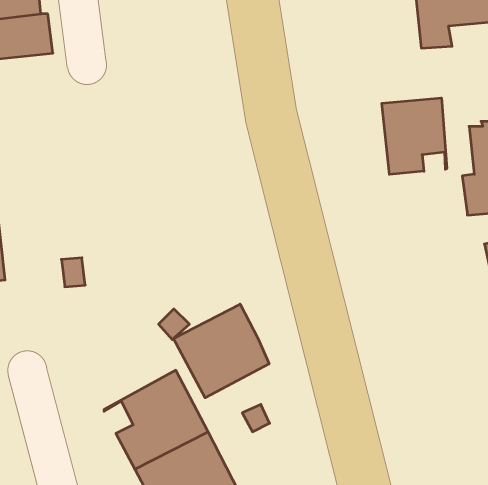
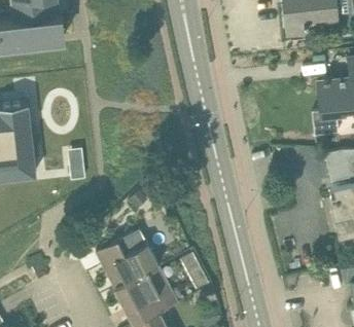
building: [382,98,447,174] -> none
building: [174,304,269,398] -> none

